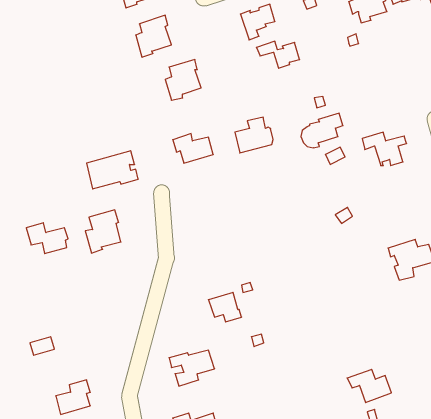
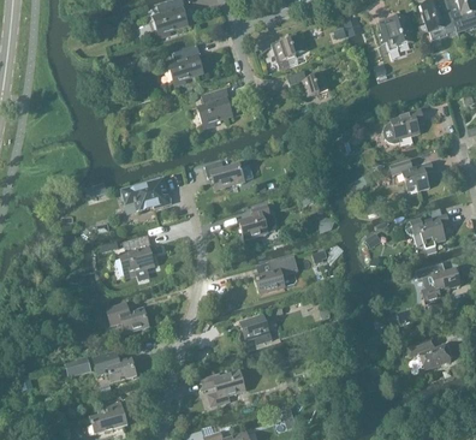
building: [301,113,343,148] -> [383,109,424,143]
building: [235,117,273,153] -> [240,204,278,239]
building: none -> [406,214,450,246]
building: [26,223,68,254] -> [107,303,148,333]
building: none -> [256,255,301,293]
building: none -> [95,353,135,383]
building: [347,369,391,403] -> [407,338,451,370]

